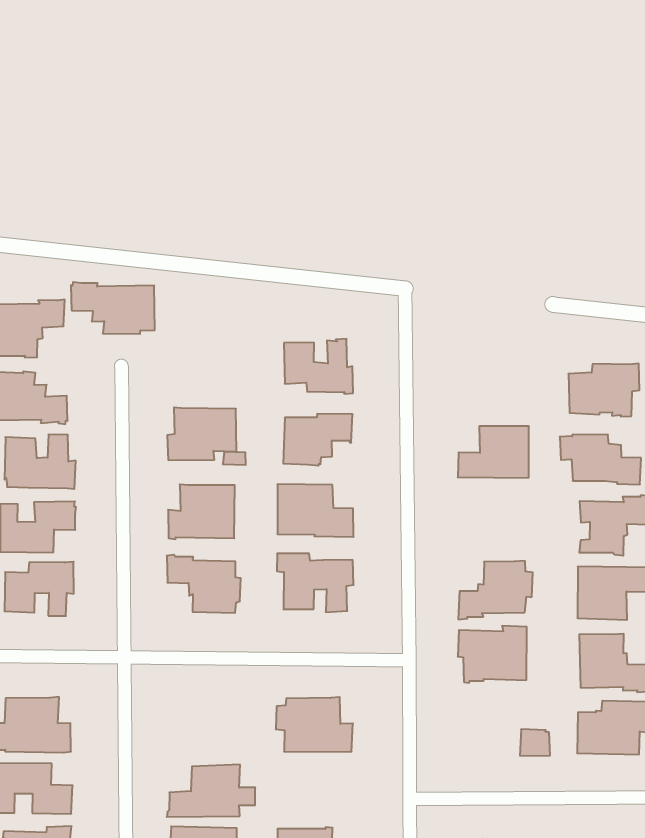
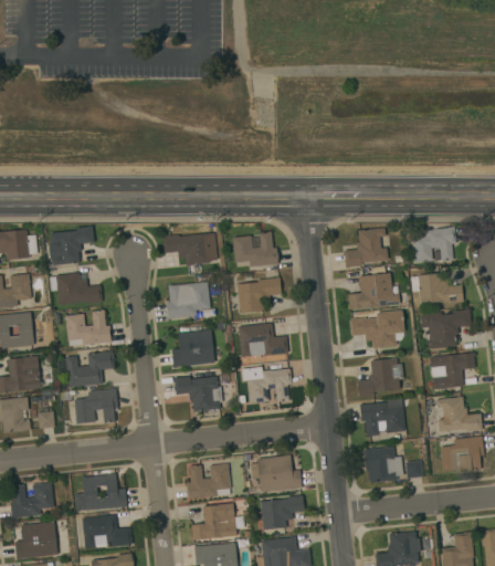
building: [71,282,155,334] -> [162,232,218,265]
building: none -> [344,228,388,268]
building: none -> [349,311,404,348]
building: none -> [186,463,231,499]
building: none -> [364,447,403,483]
building: none -> [261,495,304,530]

